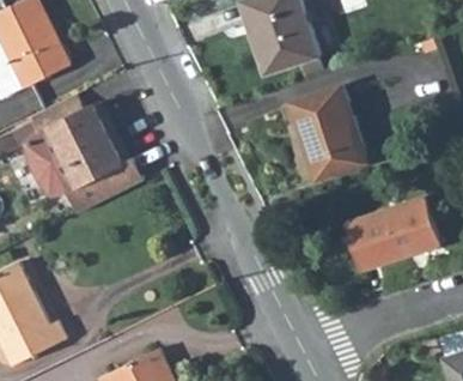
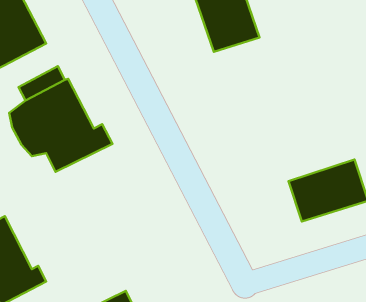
building: [290,84,364,175] -> none

